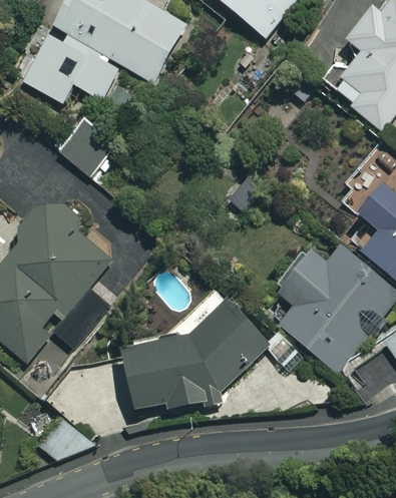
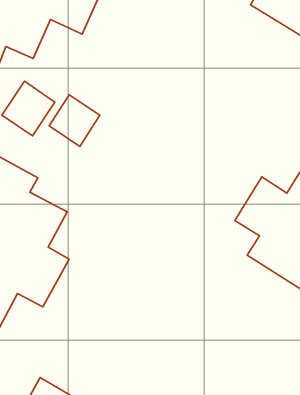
building: none -> [49,95,100,146]
building: [126,301,270,409] -> none

